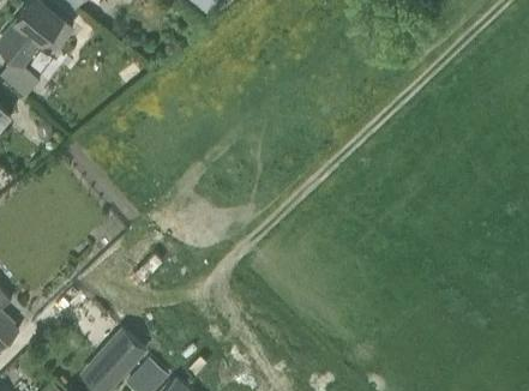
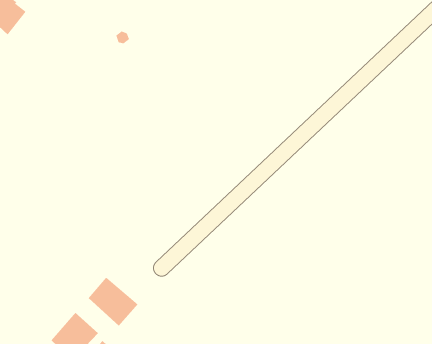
building: none -> [88,277,139,326]

